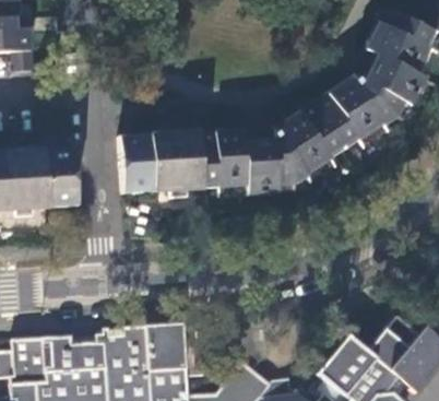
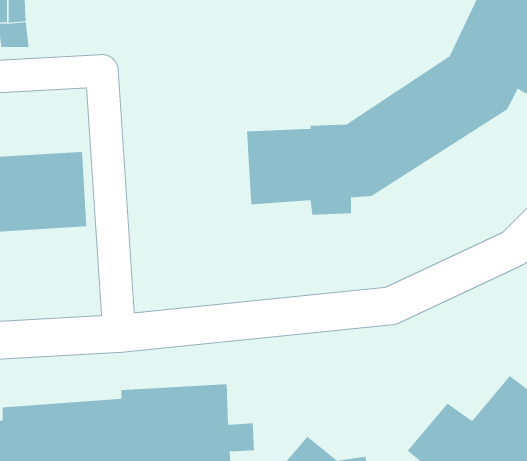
building: [120,134,202,194] -> none

